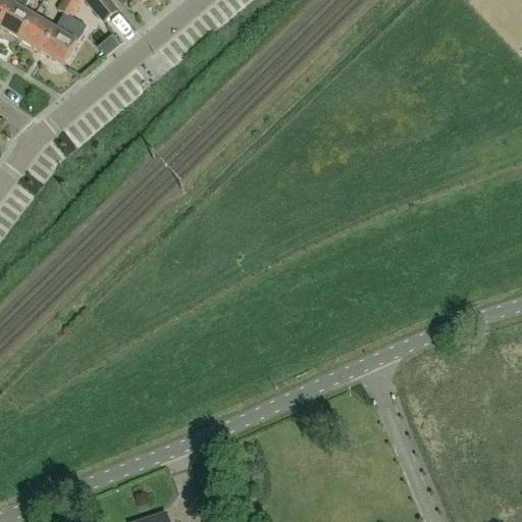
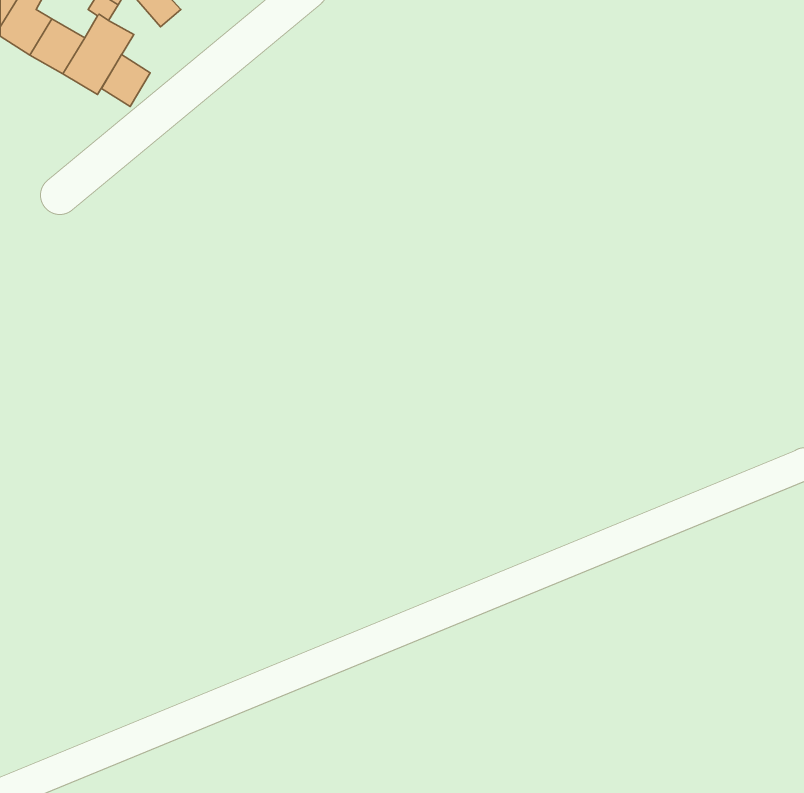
building: none -> [102,55,150,106]

